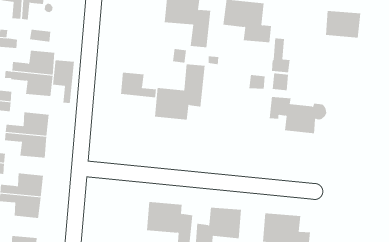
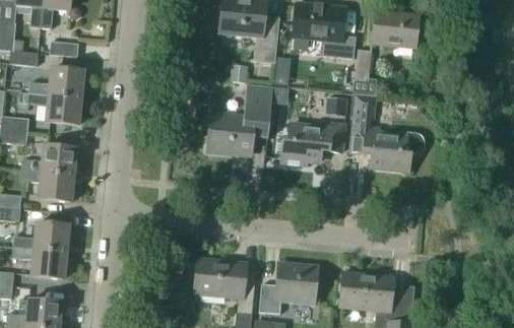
building: [325,11,361,38] -> [372,12,416,47]
building: [53,60,74,104] -> none
building: [120,72,157,98] -> none
building: none -> [279,122,344,167]

